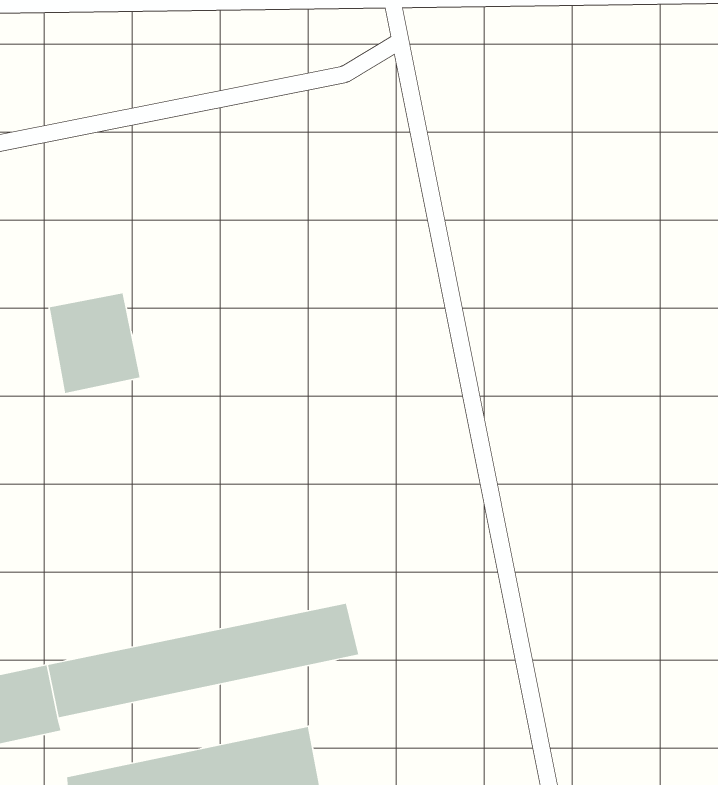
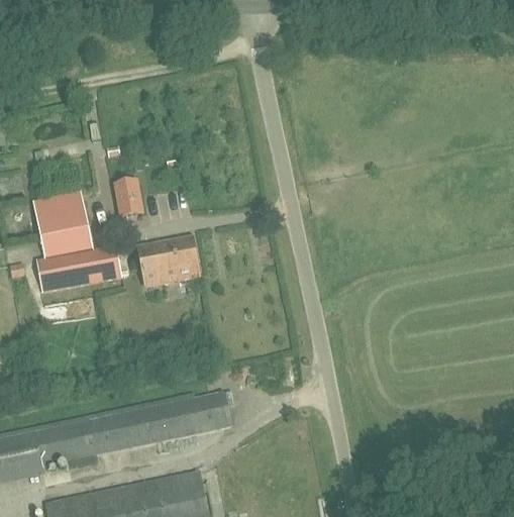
building: none -> [116,181,142,220]
building: none -> [137,235,199,285]
building: none -> [36,242,122,292]

